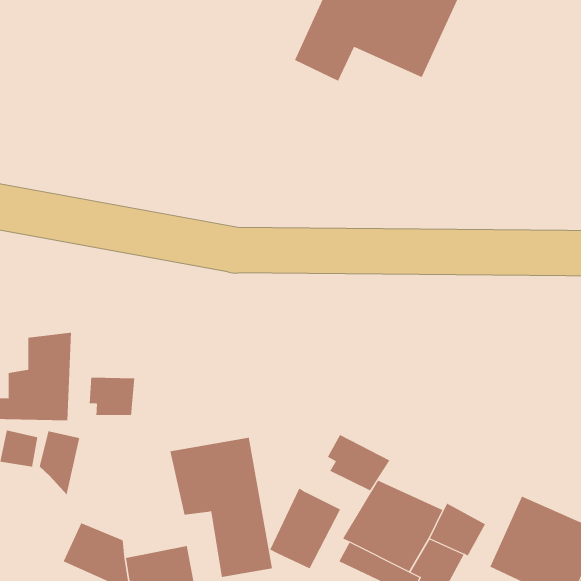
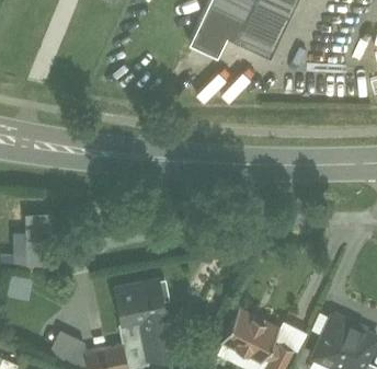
building: [89,377,135,416] -> none
building: [39,431,80,496] -> none
building: [327,434,390,491] -> none
building: [269,488,341,569] -> none

